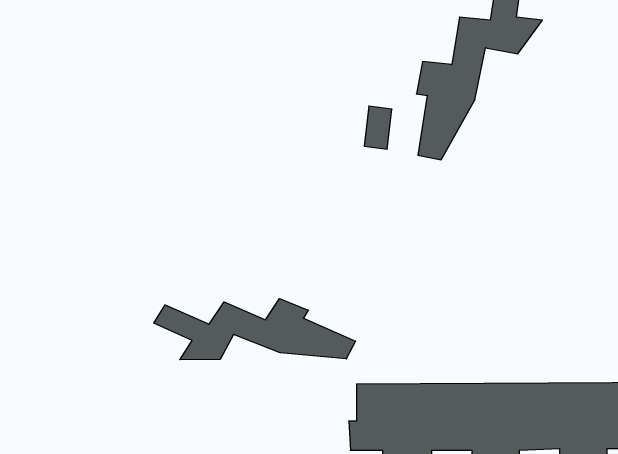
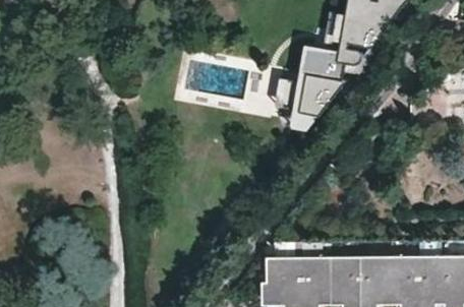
building: [154,299,356,360] -> none

